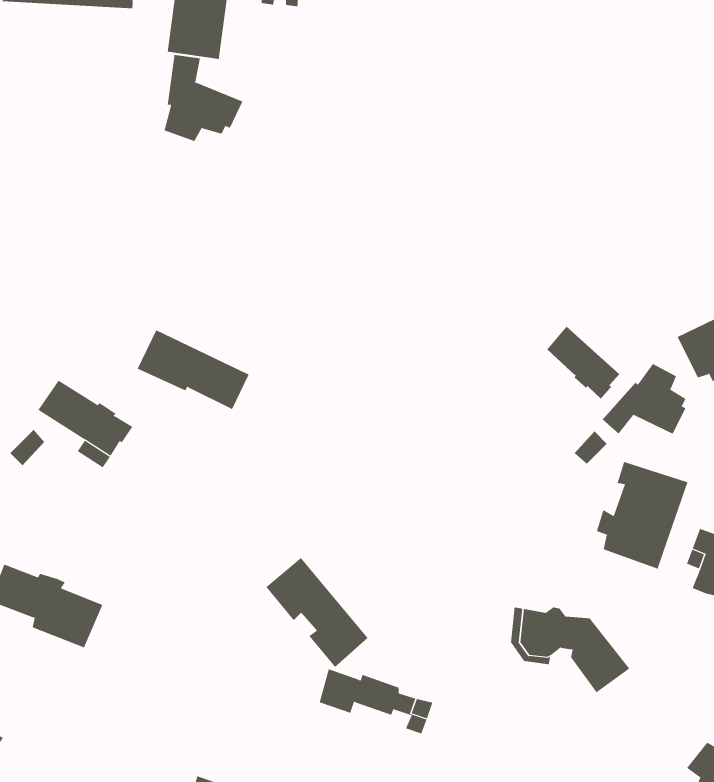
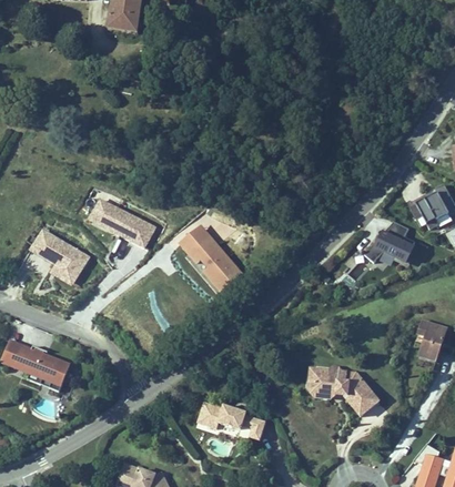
building: [164,54,243,142] -> none
building: [547,326,620,399] -> none
building: [596,461,688,570] -> none
building: [265,557,369,668] -> [179,223,240,288]

